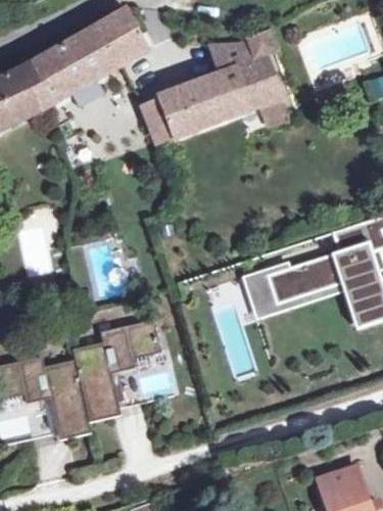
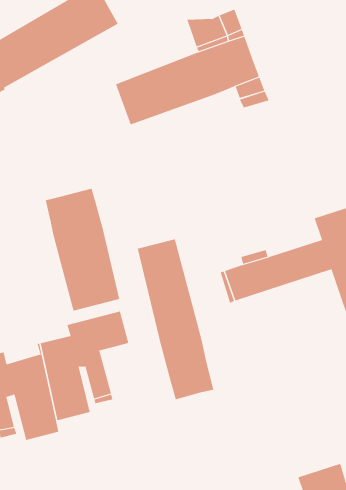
building: none -> [45,188,120,312]
building: none -> [137,238,214,400]

